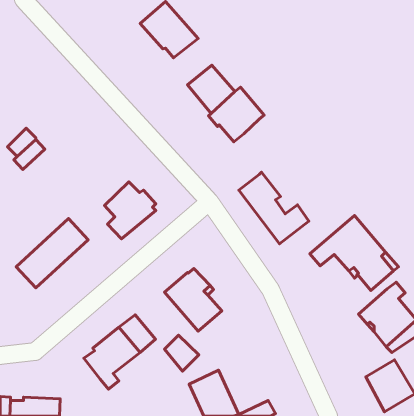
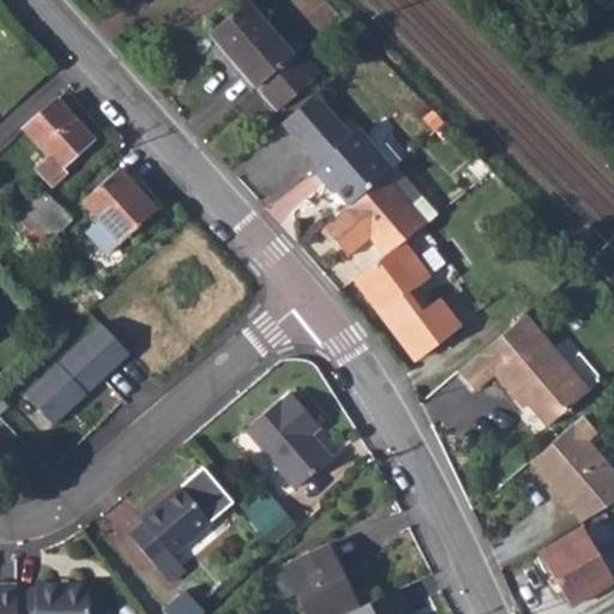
building: none -> [259,56,315,109]
building: none -> [26,102,94,188]
building: none -> [325,175,426,257]
building: [104,182,156,239] -> [84,169,159,253]

